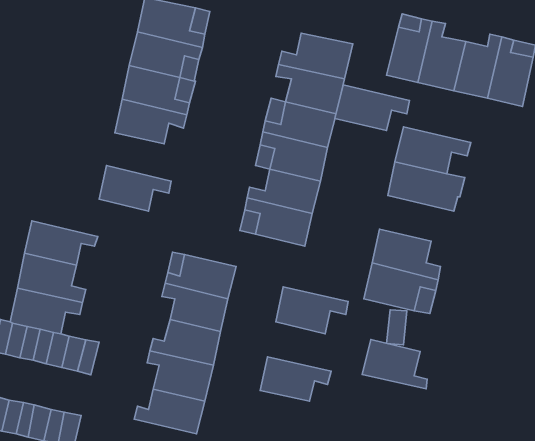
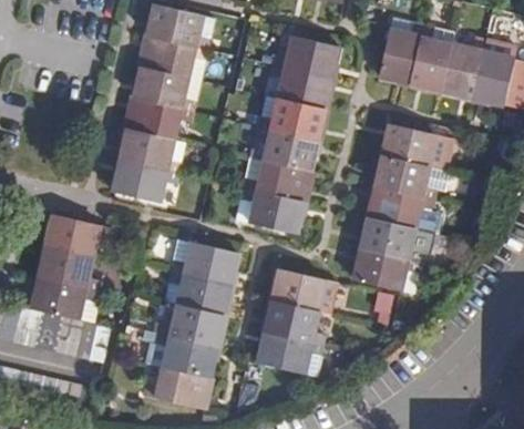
building: [335,85,409,131] -> [368,187,436,229]
building: none -> [116,130,181,174]
building: [362,340,427,389] -> [265,304,325,349]

